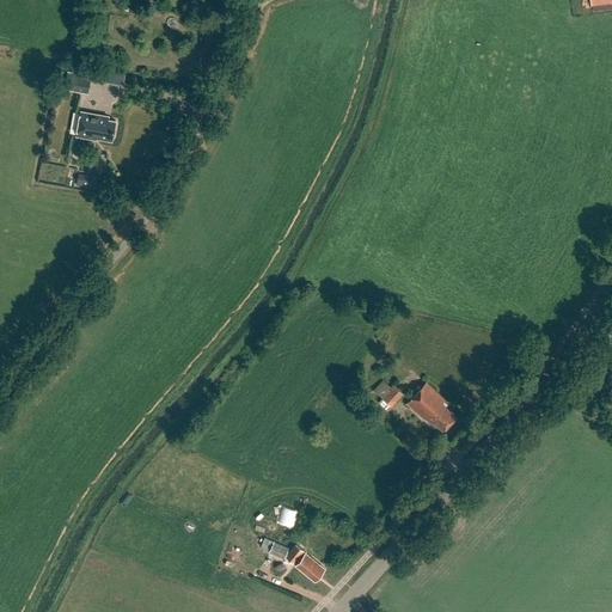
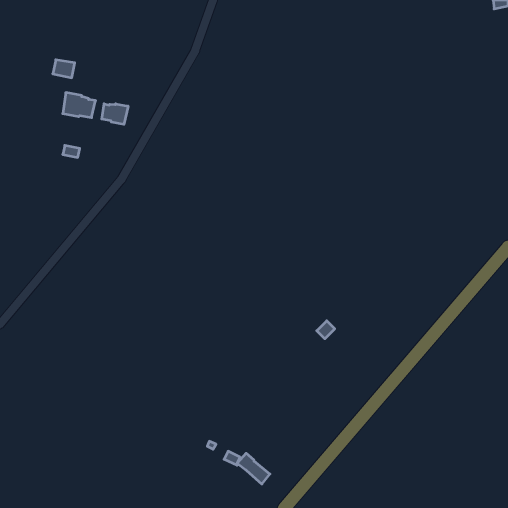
building: none -> [102,104,128,124]
building: [406,382,455,432] -> none

